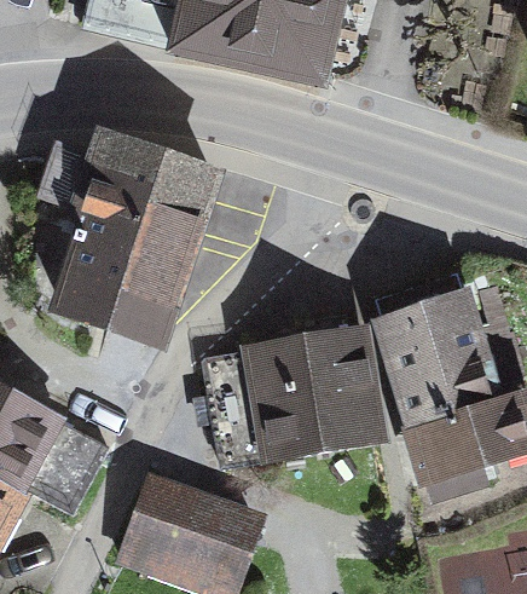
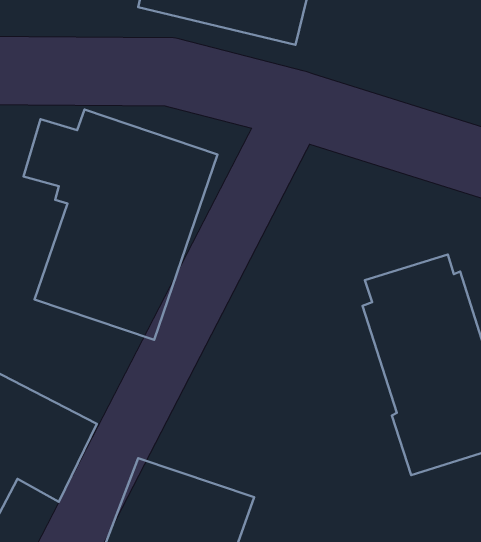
building: [202,325,386,467] -> none

